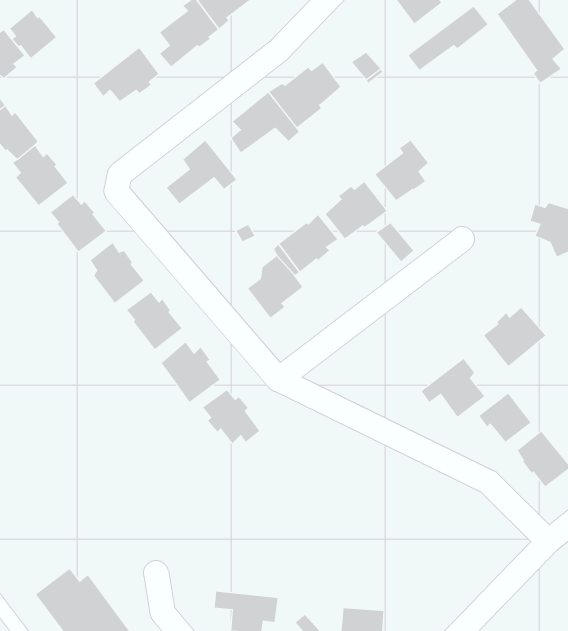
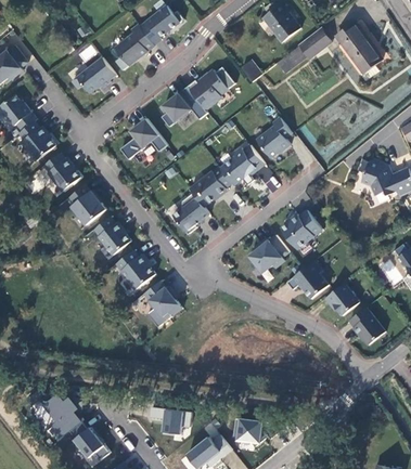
building: [9,10,57,59] -> none
building: [483,307,546,367] -> [281,209,322,248]
building: none -> [248,234,288,272]

